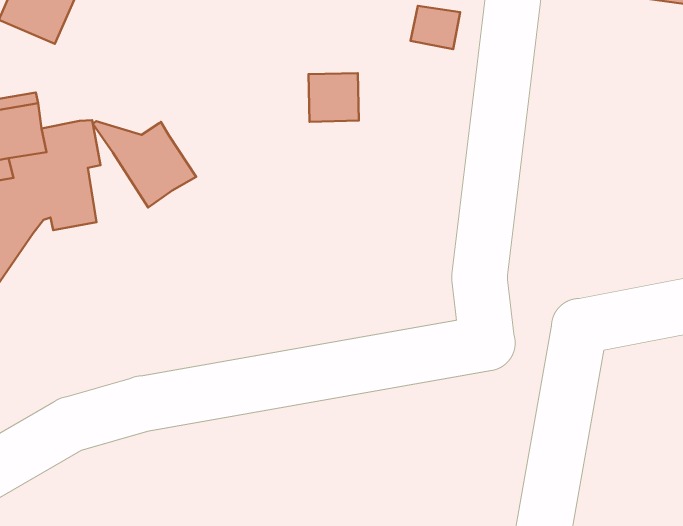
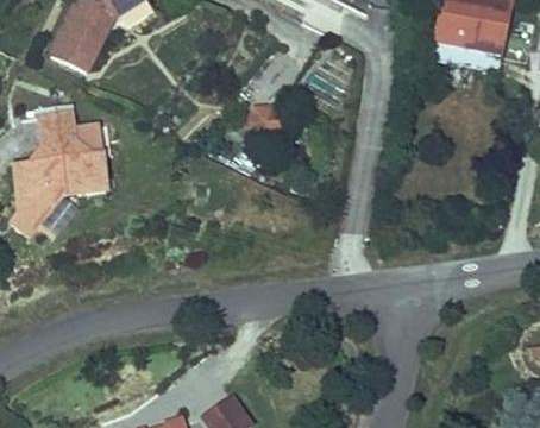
building: [93,121,196,207] -> none

